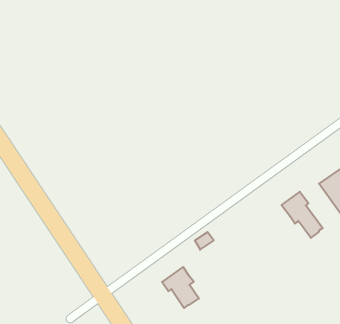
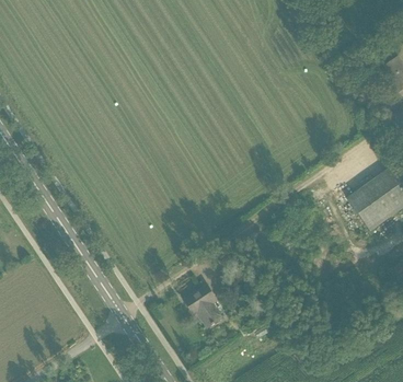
building: [282,192,323,238] -> none

